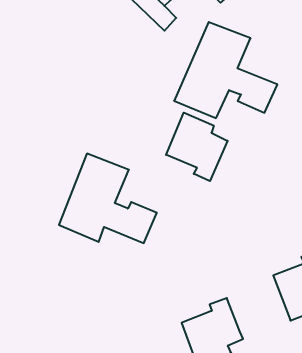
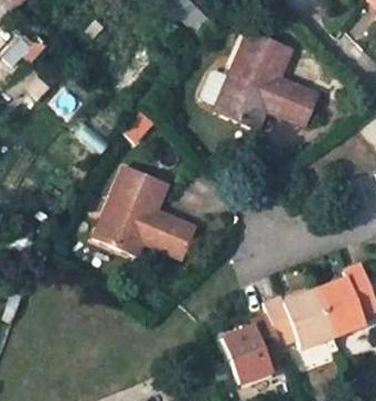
building: [166,113,228,181] -> none
building: none -> [266,290,334,348]

